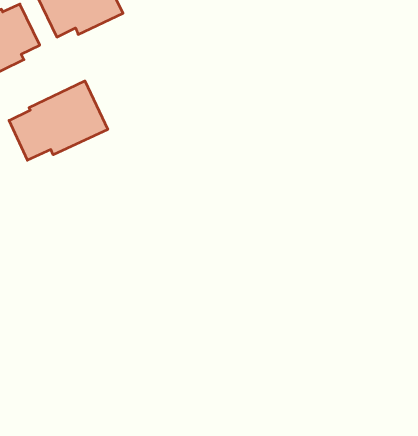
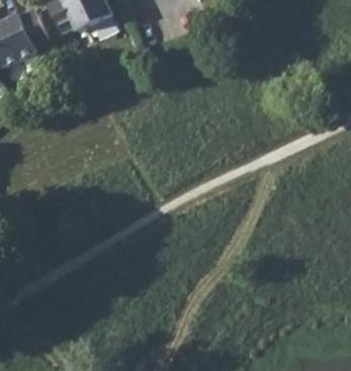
building: [9,81,108,160] -> none

